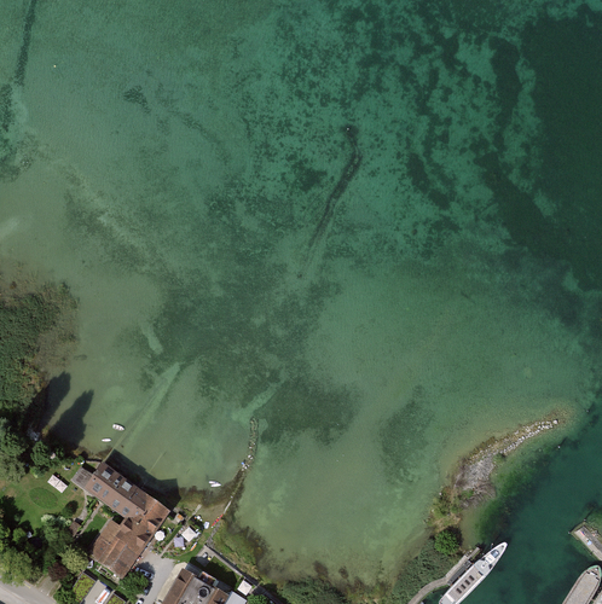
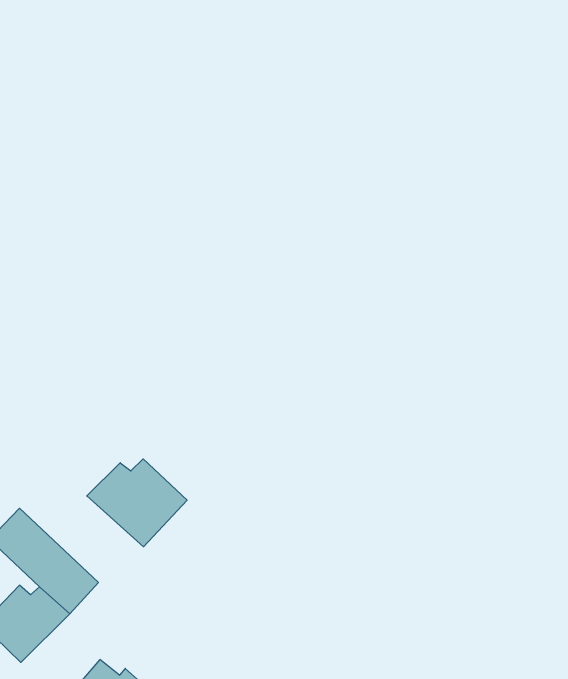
building: none -> [87,459,187,547]

